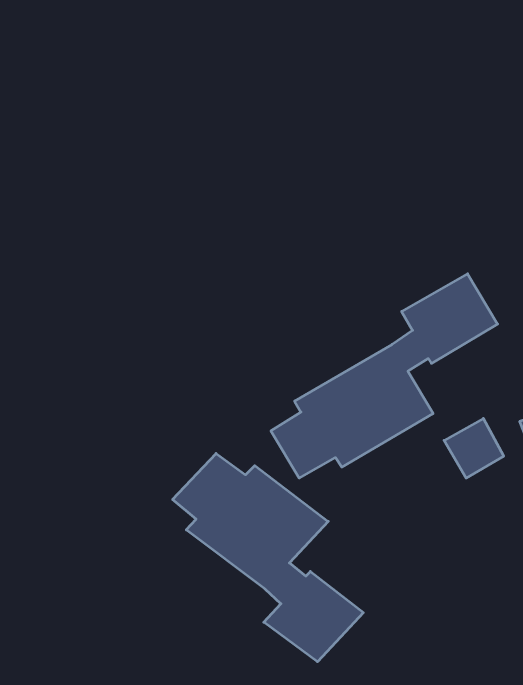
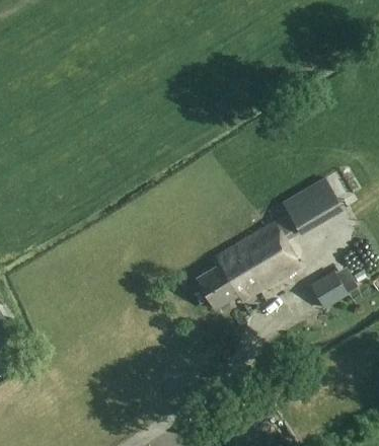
building: [173,453,363,662] -> none

